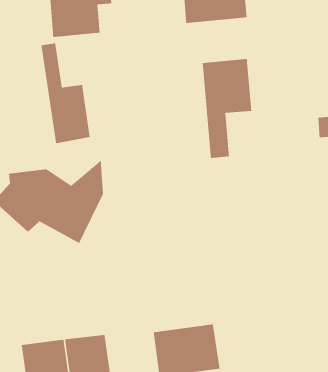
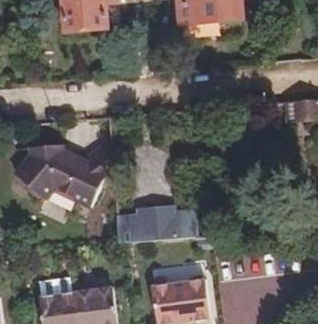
building: [41,42,91,144] -> none
building: [202,58,252,159] -> none
building: none -> [114,208,196,243]

